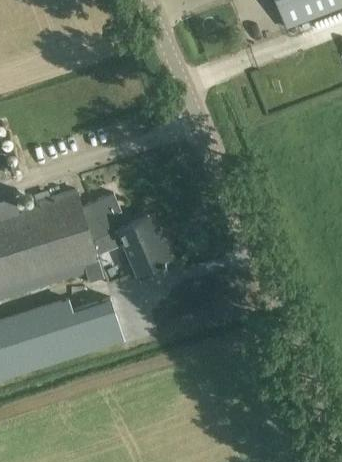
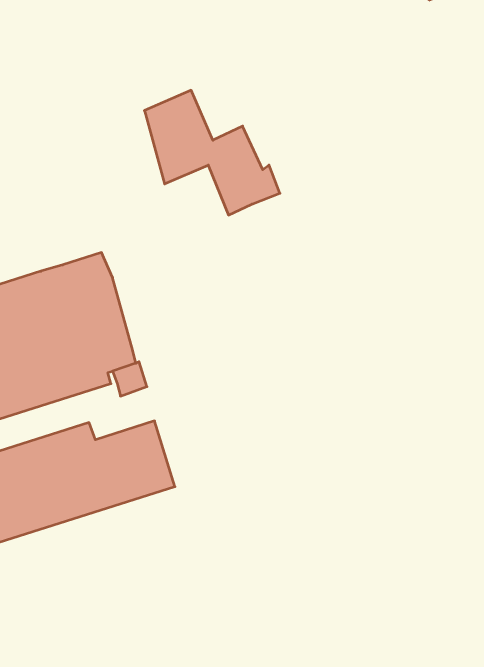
building: [83,193,170,273] -> [144,90,280,215]

